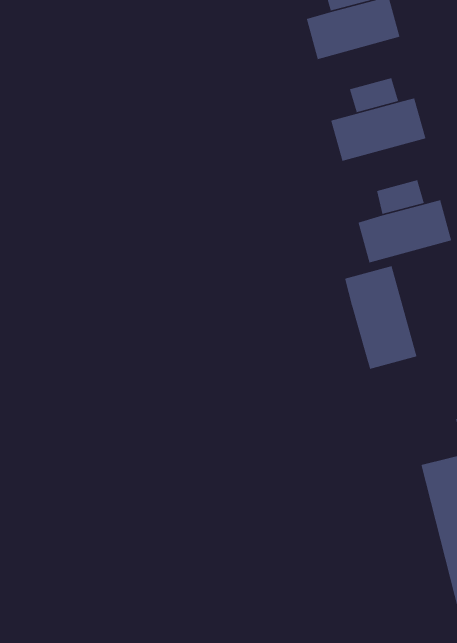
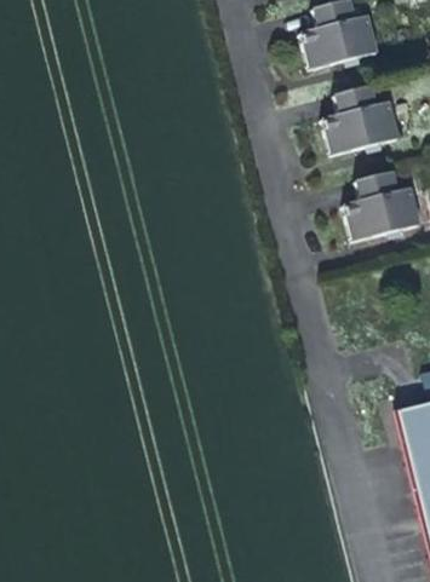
building: [344,265,417,370] -> none

